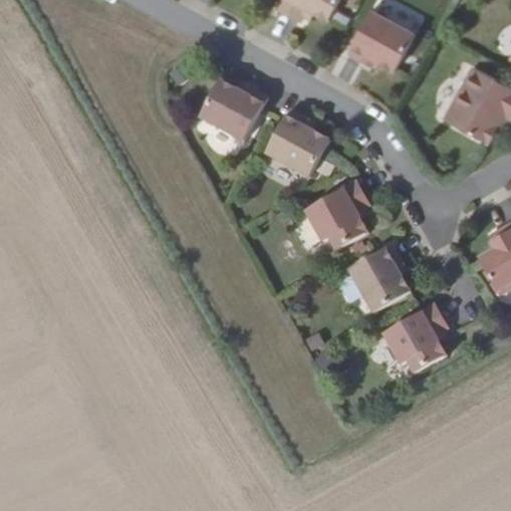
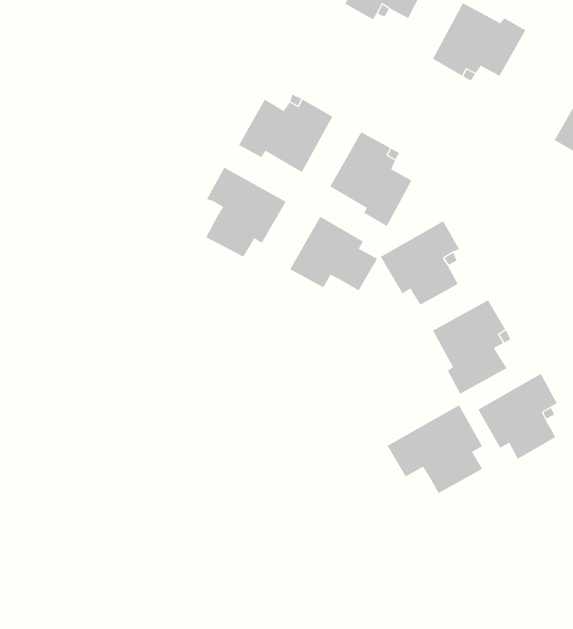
building: none -> [206,167,286,258]
building: none -> [290,216,378,291]
building: none -> [387,404,483,494]

